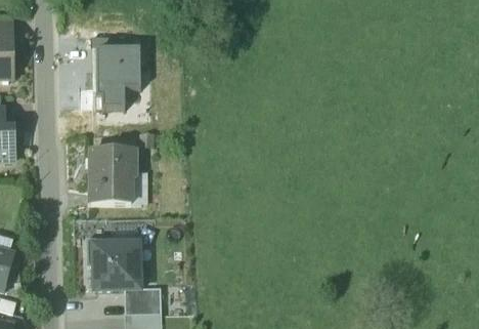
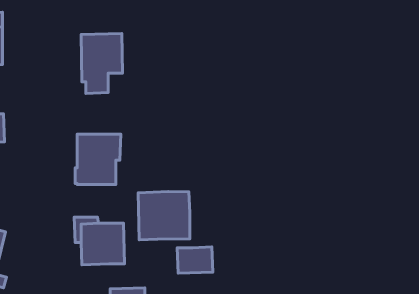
building: none -> [138,192,190,240]
building: [124,287,162,315] -> [177,247,213,273]

